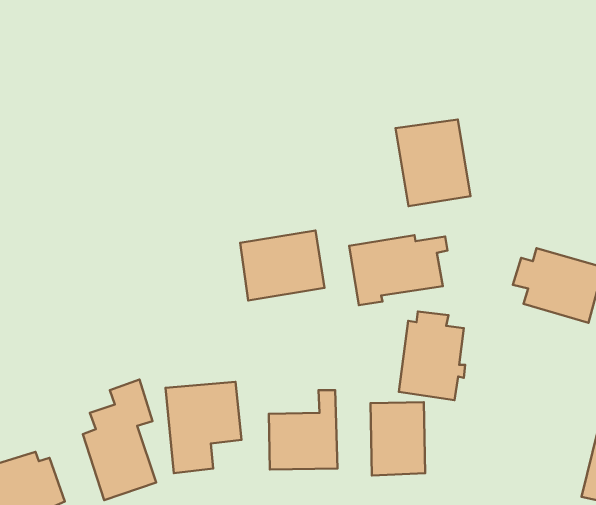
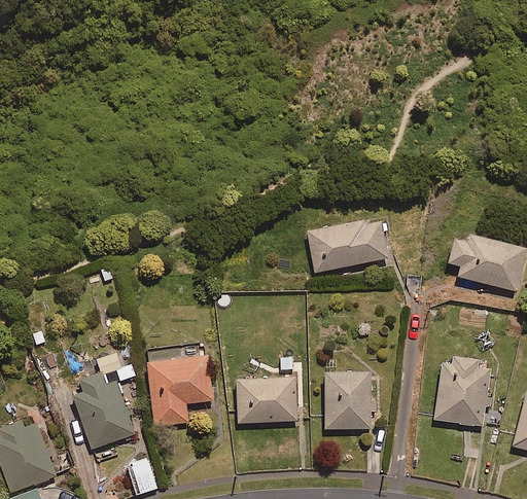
building: [396,120,470,206] -> none
building: [240,230,325,300] -> none
building: [399,311,465,400] -> [433,349,491,426]

